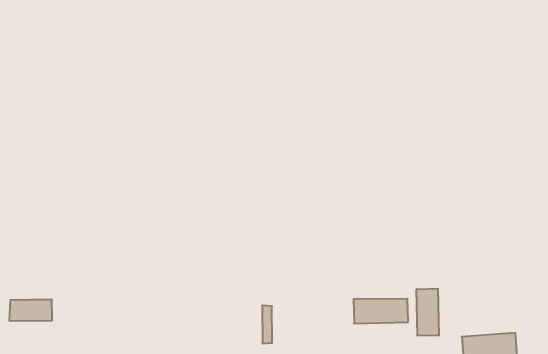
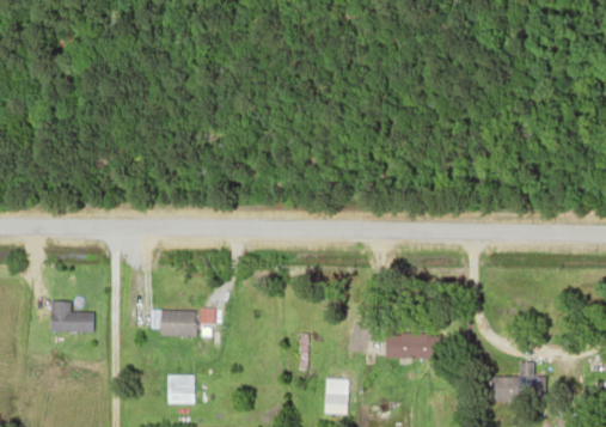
building: [417,289,439,336] -> none
building: none -> [160,310,196,335]

